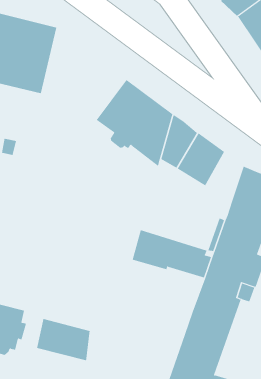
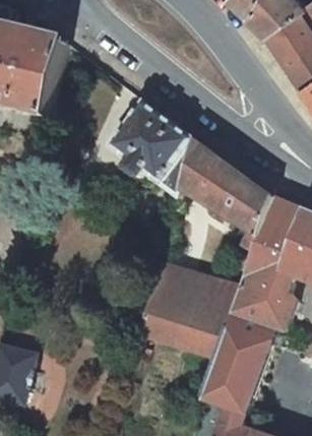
building: none -> [231,182,272,252]
building: none -> [139,301,230,359]
building: [36,318,90,361] -> none

